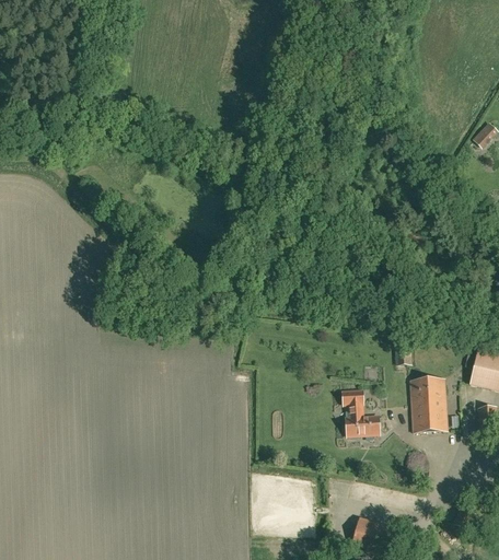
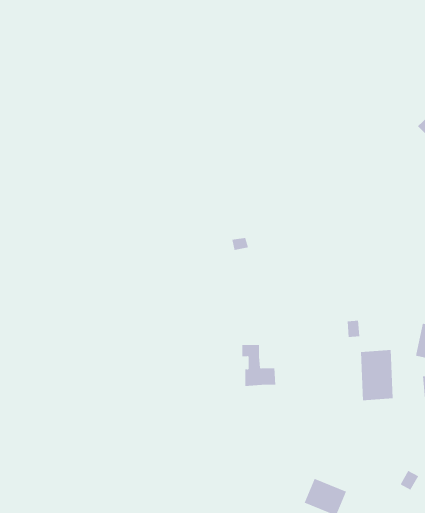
building: [343,390,380,435] -> [242,344,276,386]

